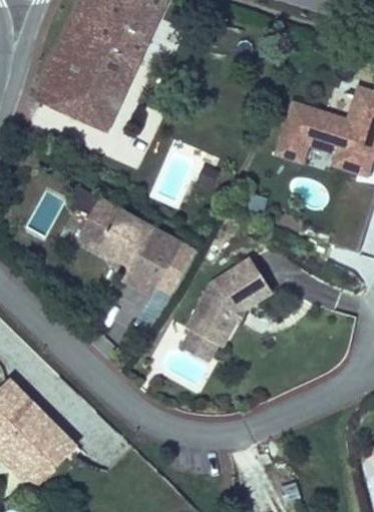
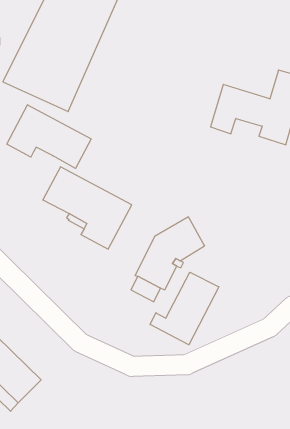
building: none -> [7,105,91,168]
building: none -> [150,272,219,345]

